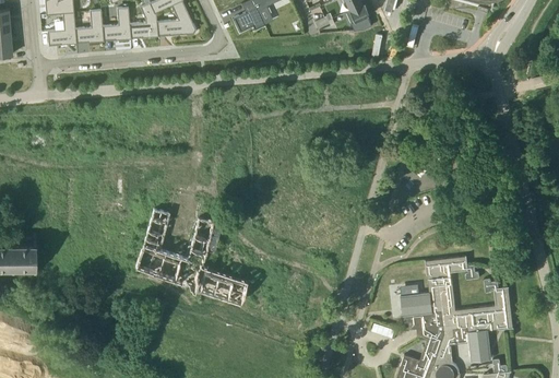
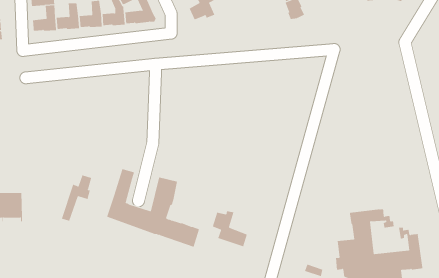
building: none -> [61,175,92,222]
building: none -> [212,210,248,247]

